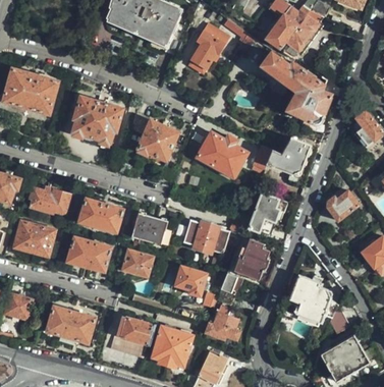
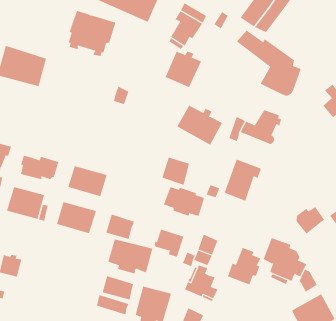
building: [71,96,123,146] -> [68,10,116,57]
building: [139,120,178,160] -> [165,51,202,88]
building: [326,190,358,221] -> [296,206,325,235]
building: [131,213,162,243] -> [161,157,190,185]
building: [233,238,270,279] -> [227,247,261,285]
building: [46,306,95,343] -> [108,239,153,274]

